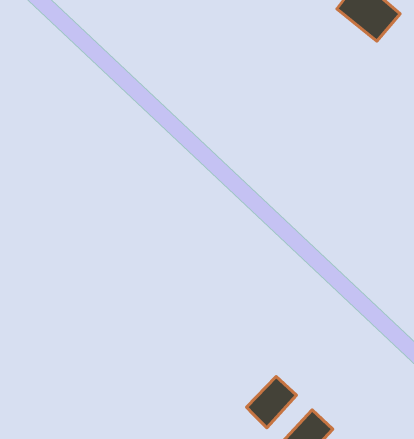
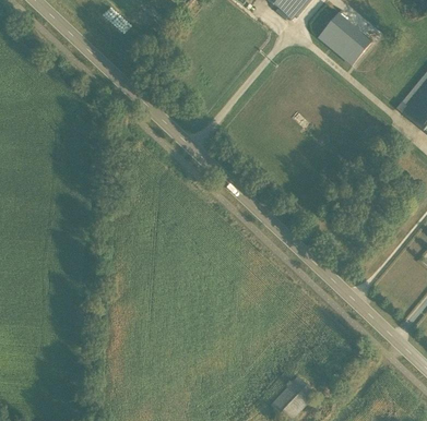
building: [246,377,296,428] -> none

